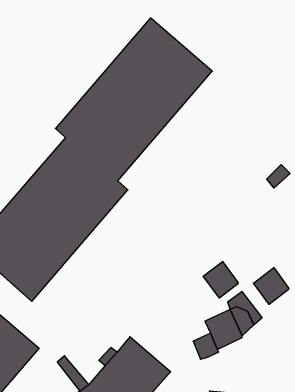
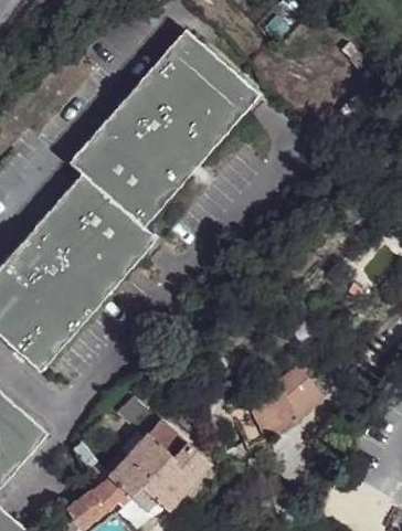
building: [203,261,238,298] -> none
building: [253,268,289,304] -> none

